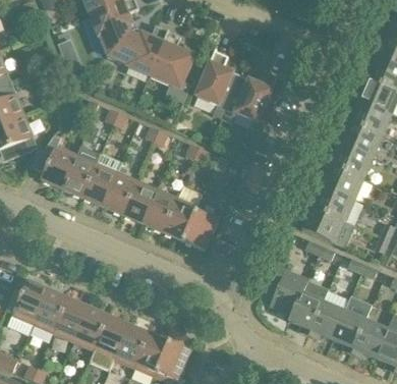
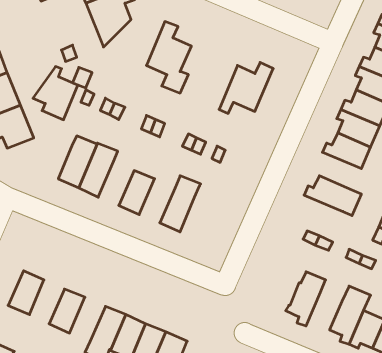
building: [107,25,168,75] -> none
building: [195,52,240,119] -> none
building: [32,135,76,188] -> [33,67,78,120]
building: [321,162,363,200] -> none
building: [102,171,137,215] -> none
building: [143,188,178,232] -> none
building: [183,196,222,251] -> none
building: [302,205,355,248] -> none
building: [270,267,308,315] -> none
building: [34,289,68,333] -> none
building: [308,301,344,339] -> none
building: [73,307,109,350] -> none

